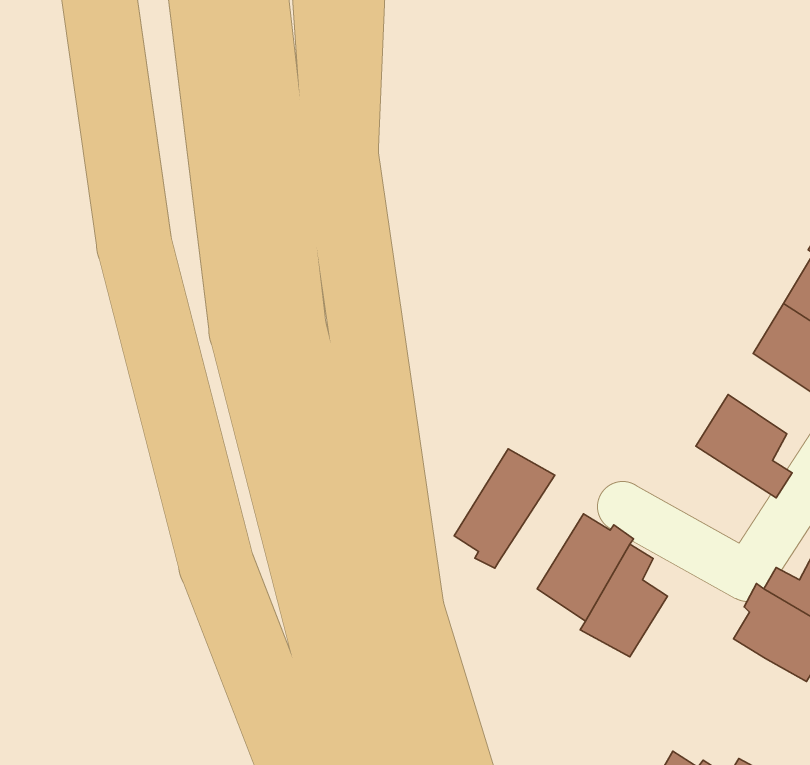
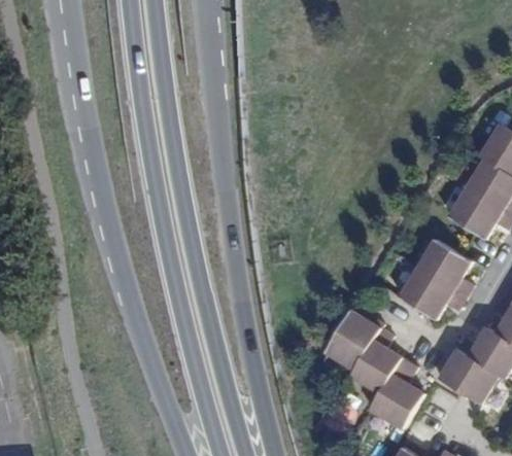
building: none -> [399,270,463,320]
building: [454,449,555,568] -> none
building: none -> [369,356,422,427]

